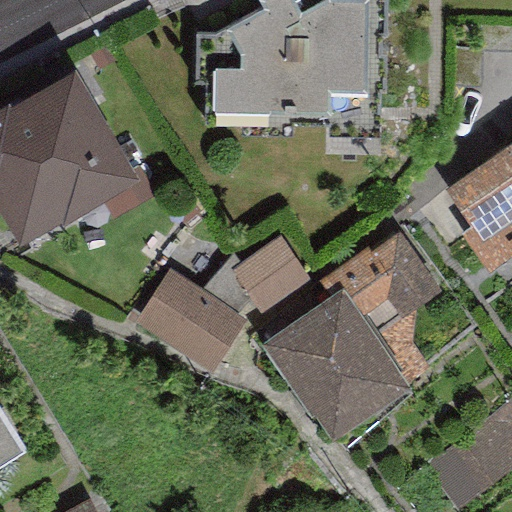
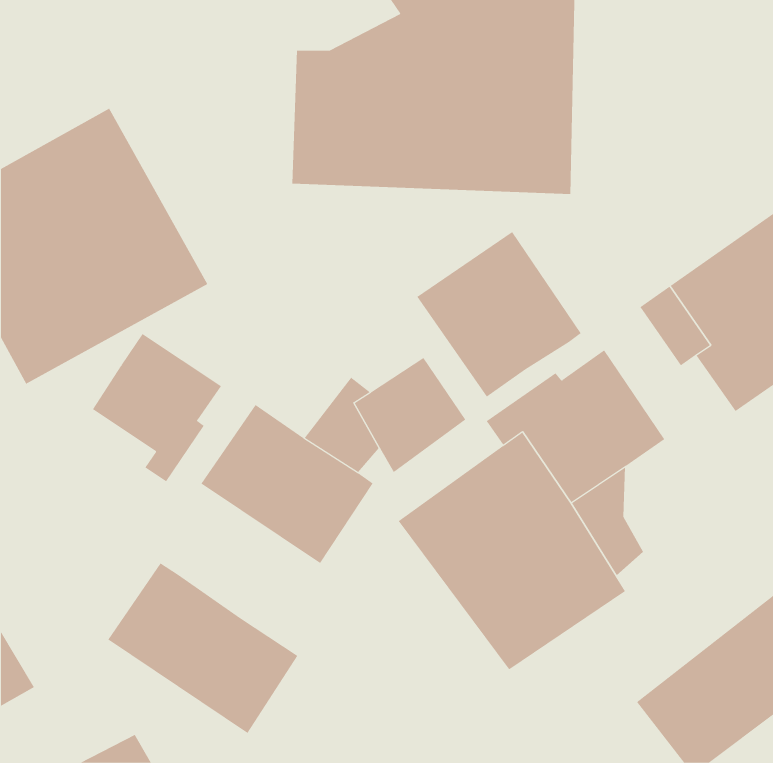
building: none -> [417,231,581,398]
building: none -> [92,333,222,482]
building: none -> [107,563,298,734]

